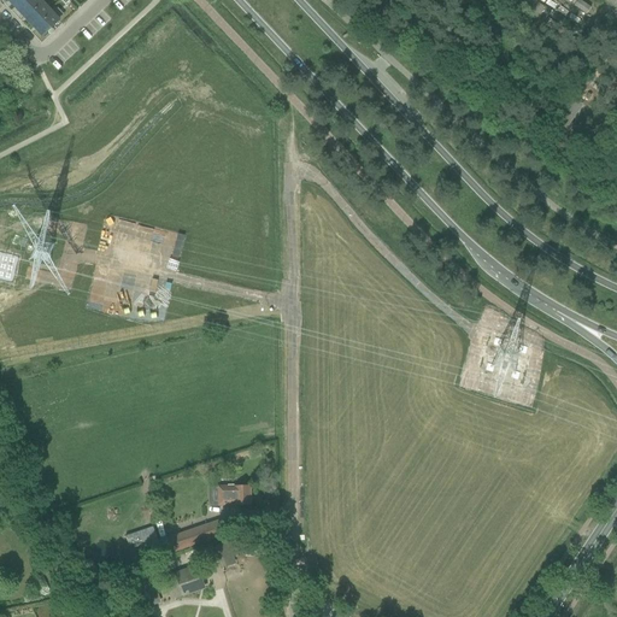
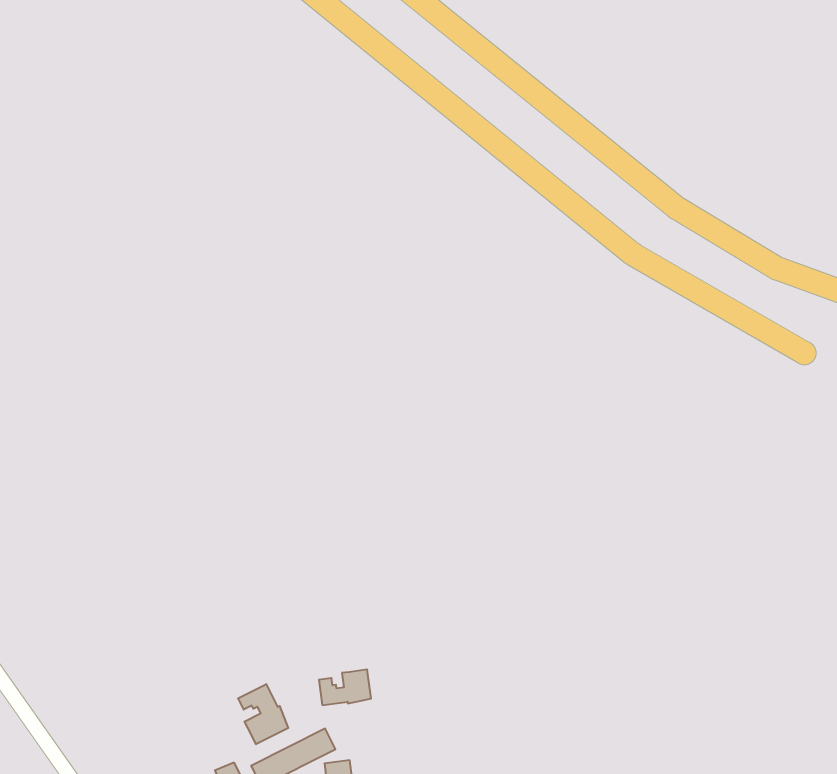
building: none -> [238,684,288,744]

